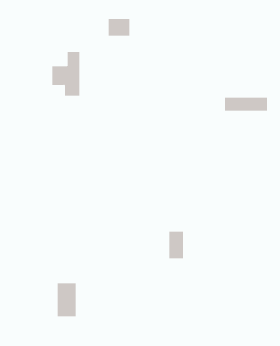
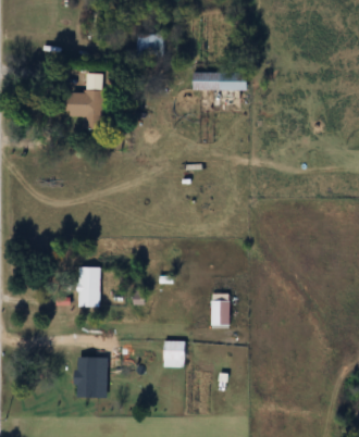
building: [224,97,268,111] -> [194,72,247,89]
building: none -> [78,266,100,307]
building: none -> [163,340,185,366]

